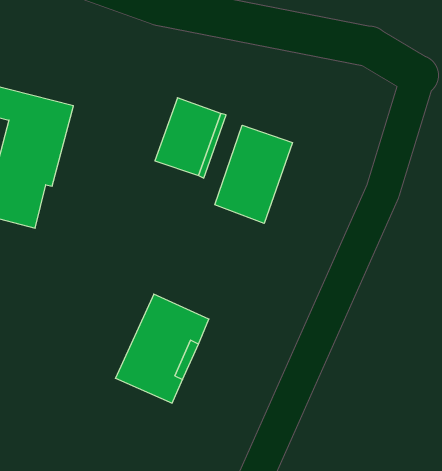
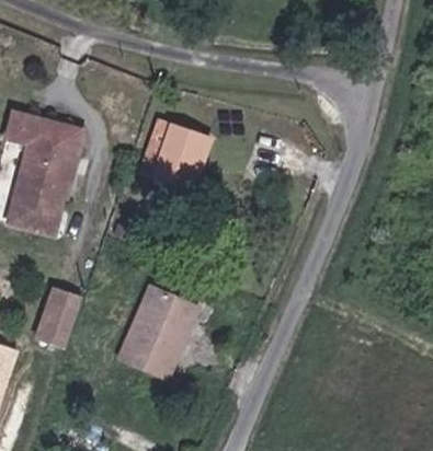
building: [215,125,293,223] -> none
building: none -> [43,289,82,339]

